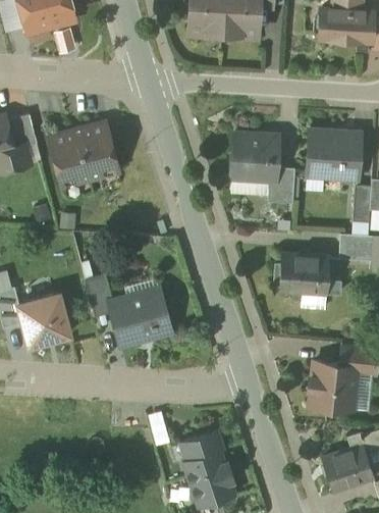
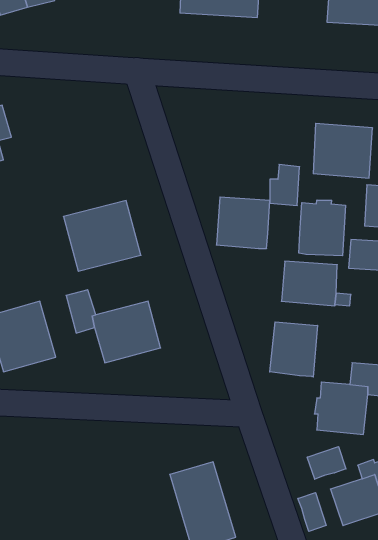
building: [50,122,119,186] -> [63,201,141,271]
building: [231,134,279,179] -> [216,197,270,248]
building: none -> [299,200,345,256]
building: none -> [270,322,318,377]
building: none -> [307,447,346,479]
building: none -> [298,493,326,531]

